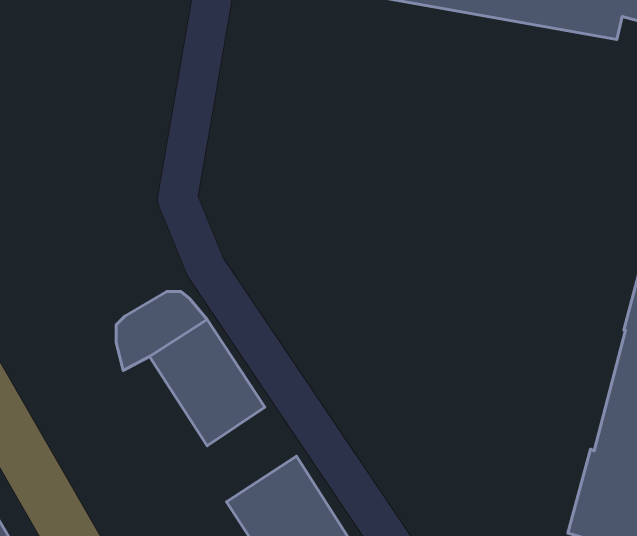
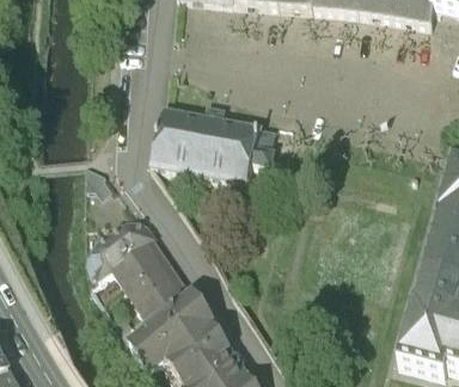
building: none -> [148,99,274,182]
building: none -> [123,287,213,364]

